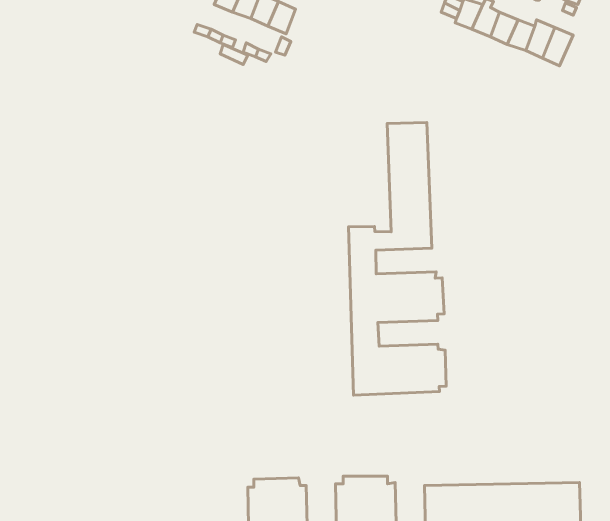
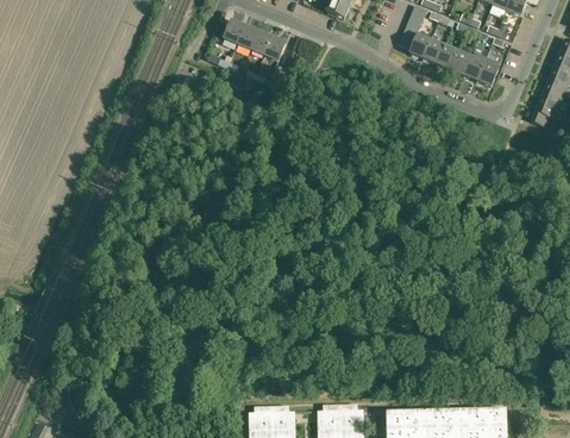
building: [348,122,446,395] -> none

